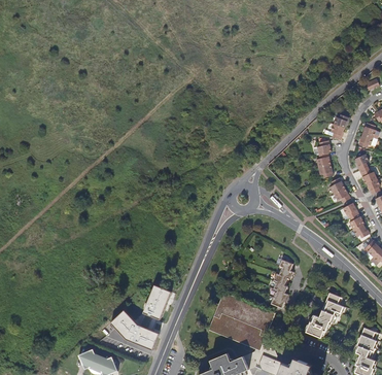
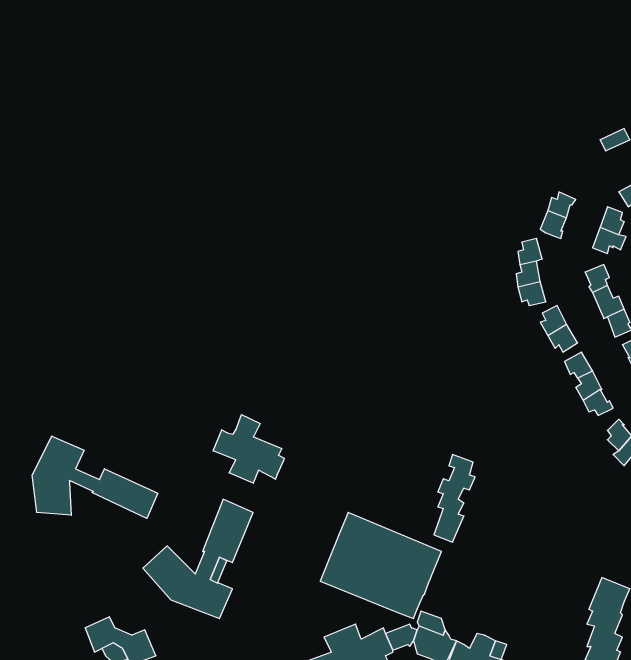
building: none -> [213,415,284,483]
building: none -> [32,436,158,518]
building: [305,292,343,337] -> none

